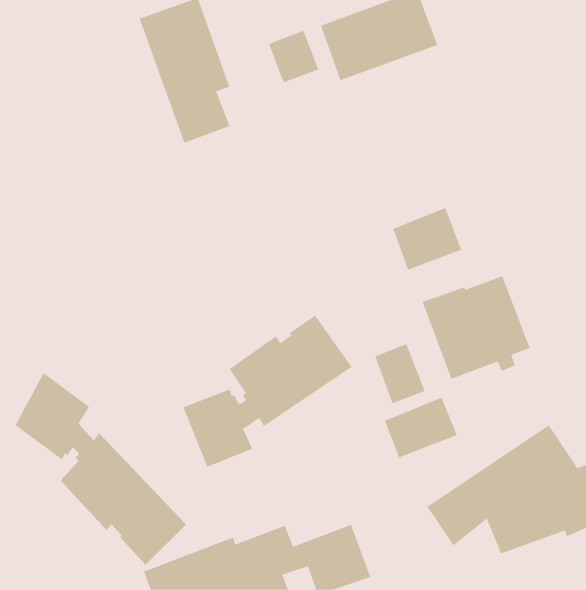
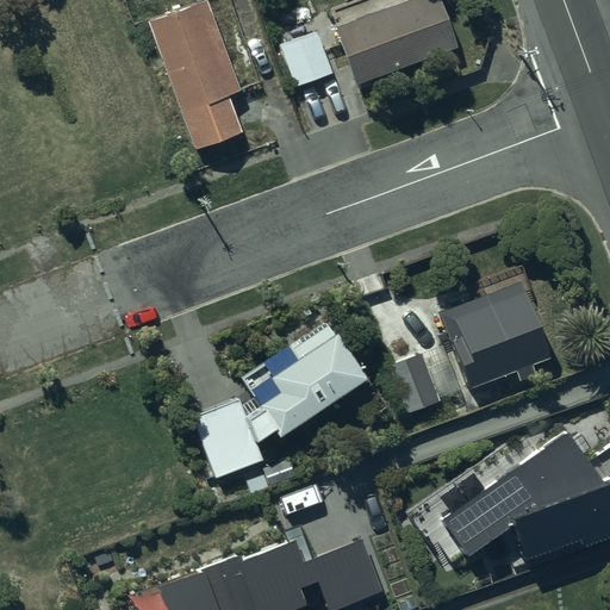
building: [392,207,462,270] -> none
building: [15,372,187,565] -> none
building: [384,397,457,458] -> none

